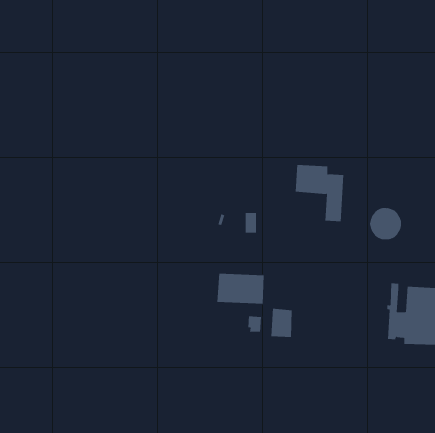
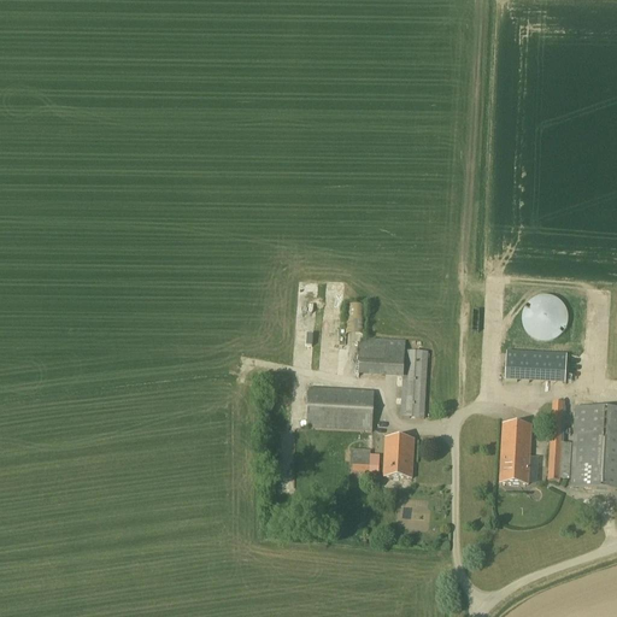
building: [295,164,344,222] -> [359,335,429,416]
building: none -> [506,348,568,382]
building: none -> [500,422,533,482]

